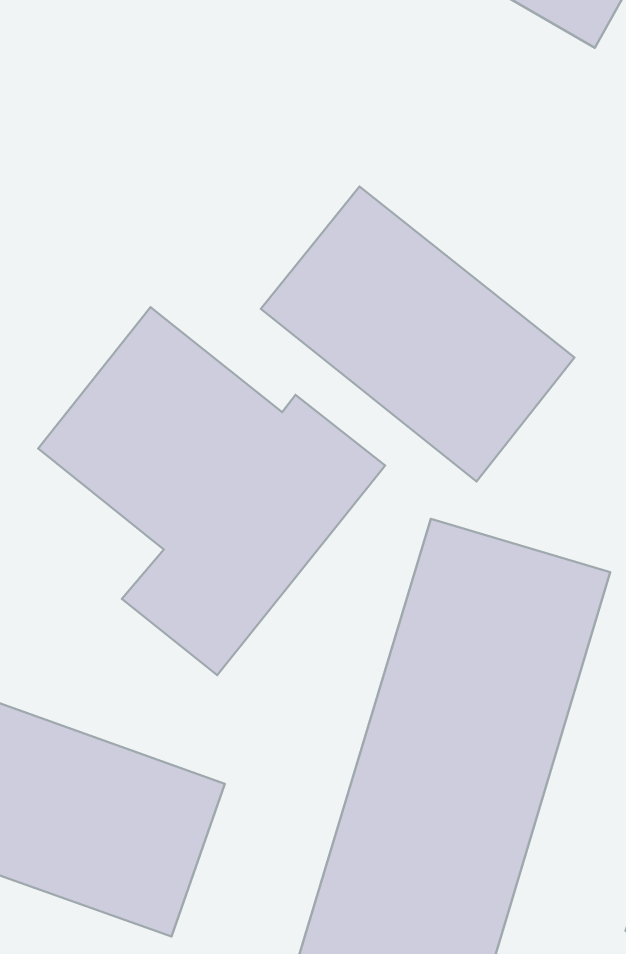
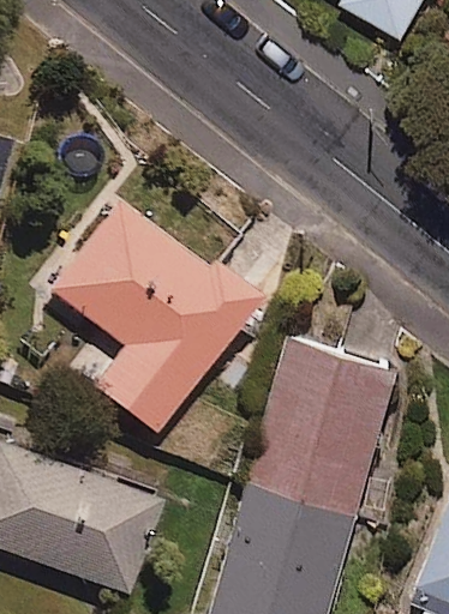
building: [261,186,574,481] -> none

